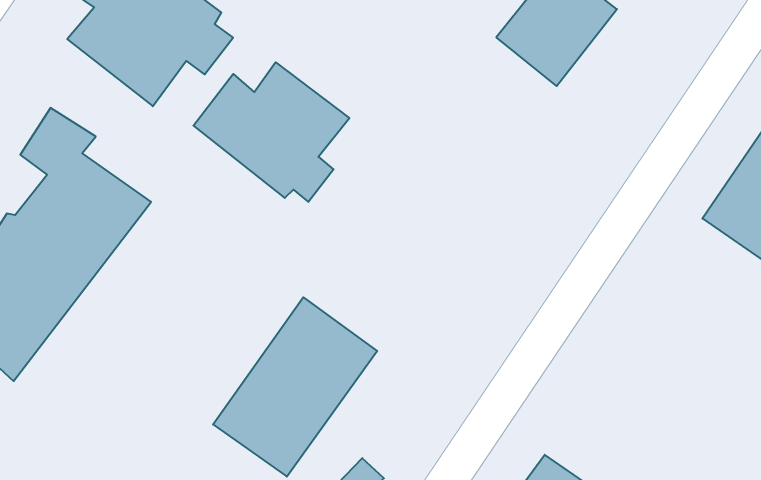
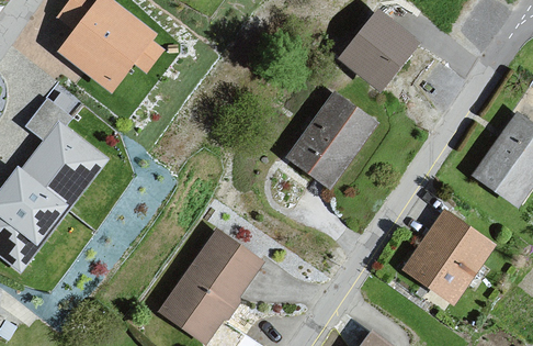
building: [193,62,349,202] -> none
building: none -> [287,89,378,186]
building: none -> [399,208,494,303]

